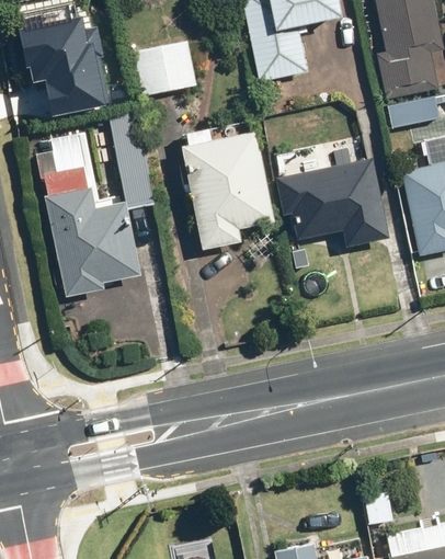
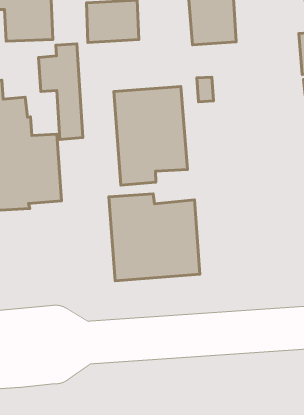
building: [275,158,388,247] -> none
building: none -> [109,194,200,281]

